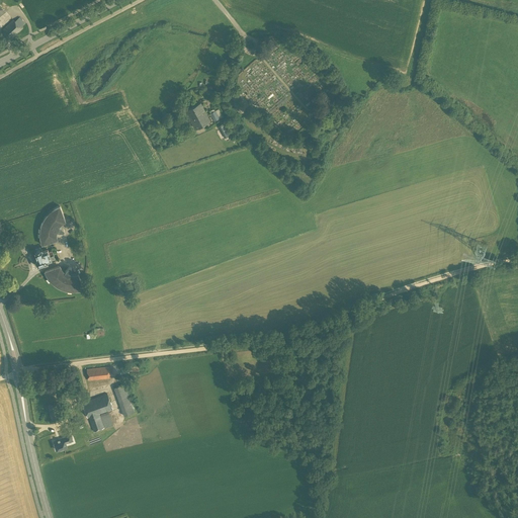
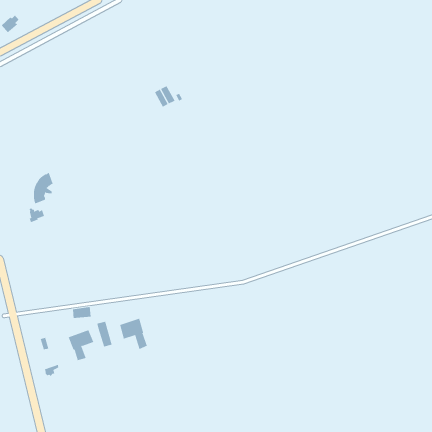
building: [44,266,83,291] -> none
building: none -> [119,318,148,350]

